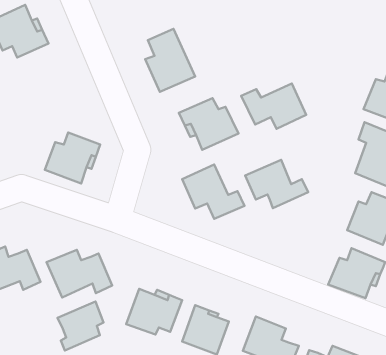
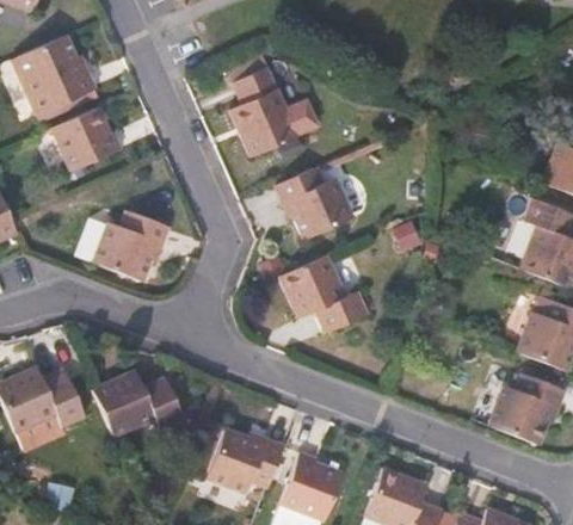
building: none -> [53,110,122,169]
building: [241,84,306,129] -> none
building: [245,160,308,208] -> none
building: [57,301,104,351] -> none

